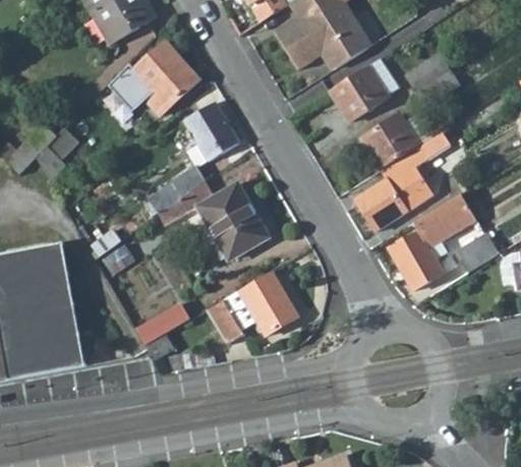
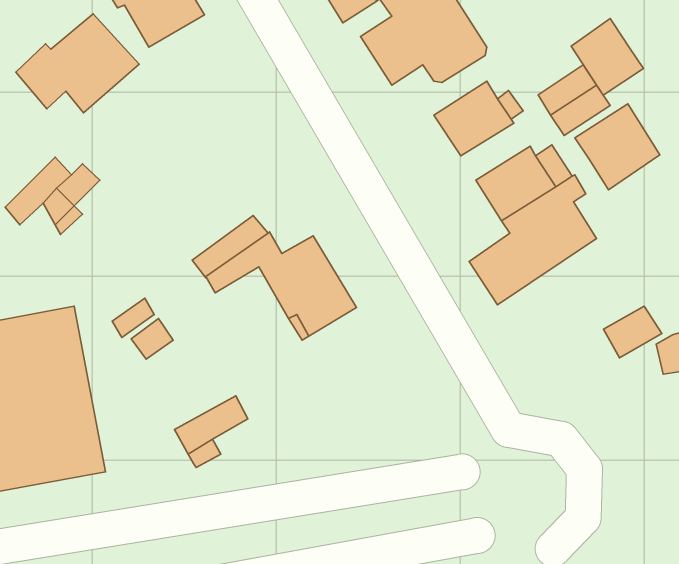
building: none -> [571,19,643,95]
building: [108,41,200,115] -> [16,14,139,113]
building: none -> [575,104,660,190]
building: [183,101,238,166] -> none
building: [388,195,475,290] -> none
building: [194,270,299,344] -> none

